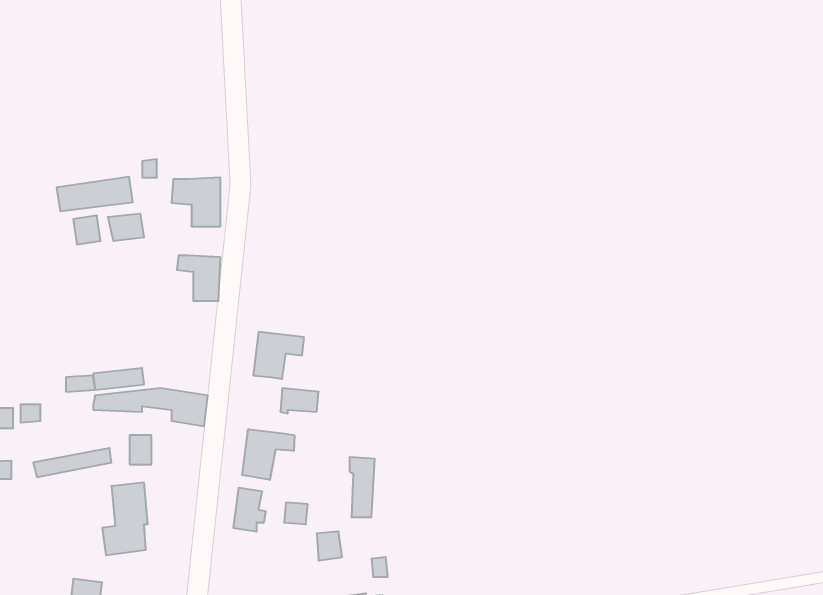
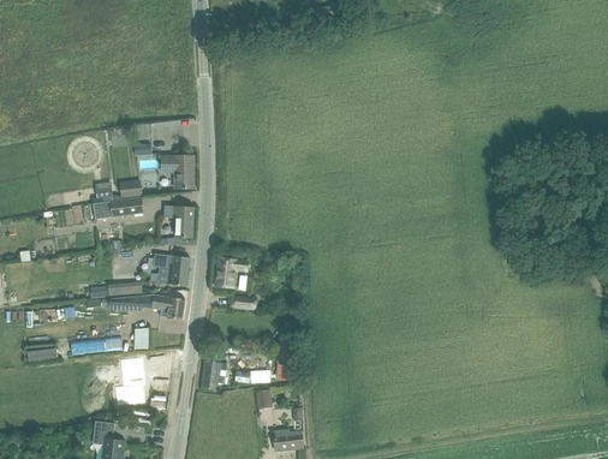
building: [57,177,133,211] -> [93,196,143,219]
building: none -> [153,254,189,286]
building: [242,429,294,480] -> none

